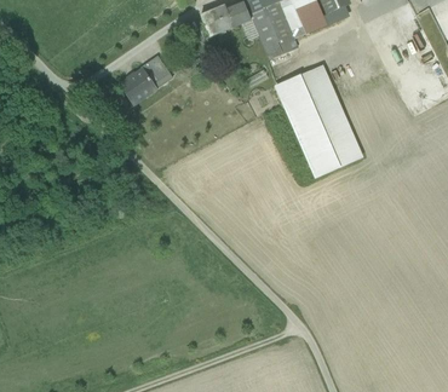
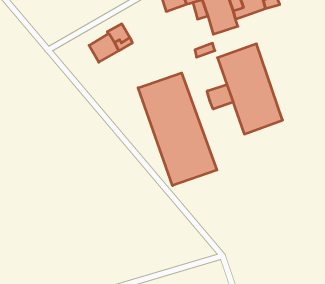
building: none -> [138,73,217,186]
building: none -> [207,84,233,109]

